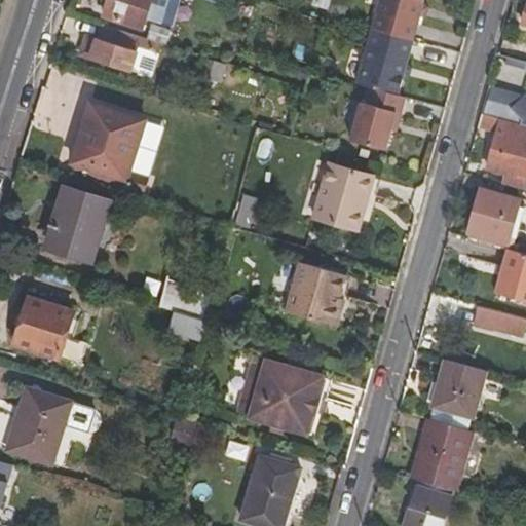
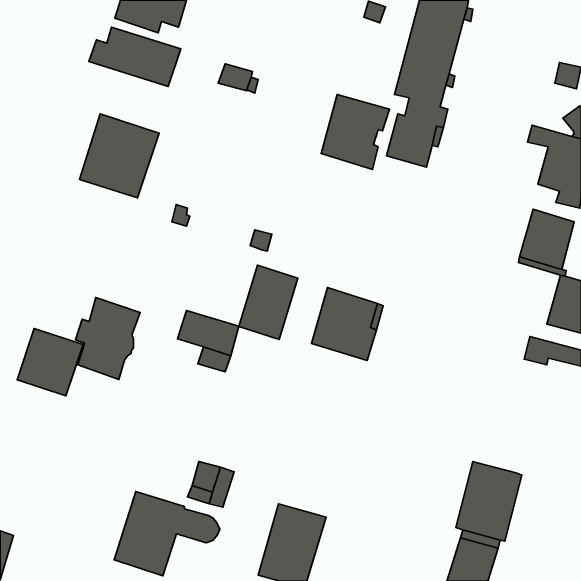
building: [305,162,367,230] -> [321,94,389,169]
building: [51,187,110,261] -> [75,298,140,380]
building: none -> [239,265,298,339]
building: [234,356,325,435] -> none
building: [431,358,487,427] -> none
building: [7,386,103,462] -> [114,492,220,576]

